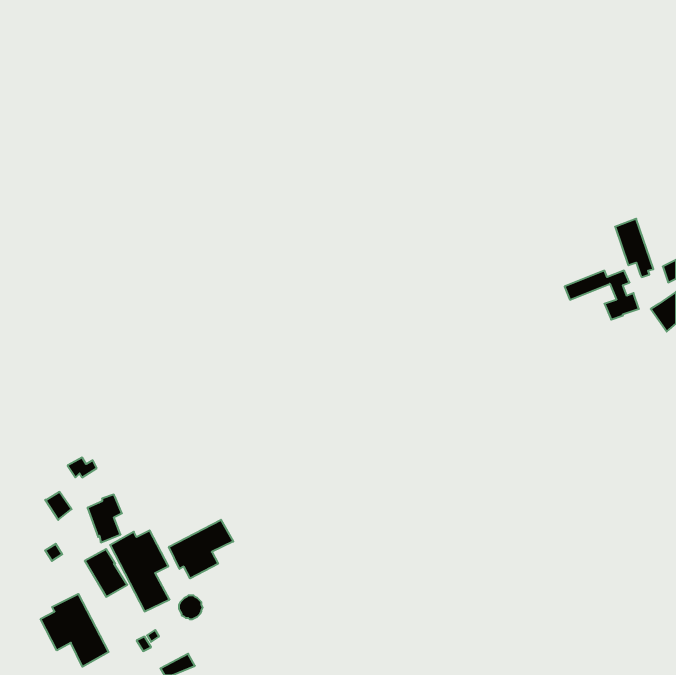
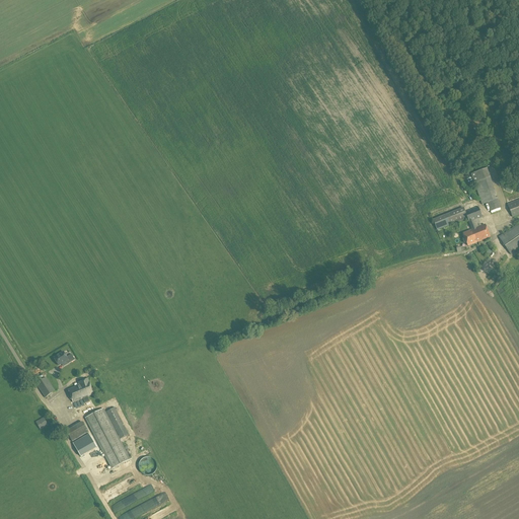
building: [169,520,233,578] -> none
building: [41,594,109,667] -> none

